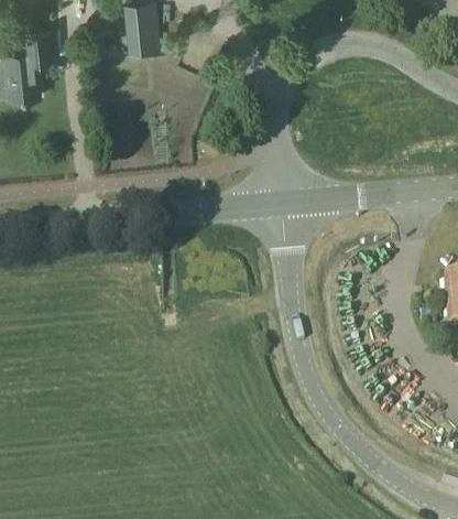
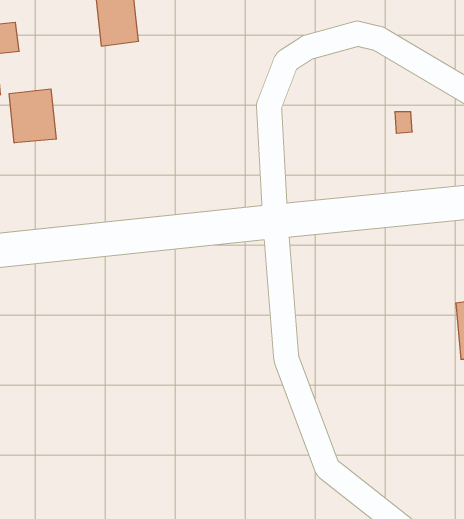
building: none -> [9,89,56,143]

